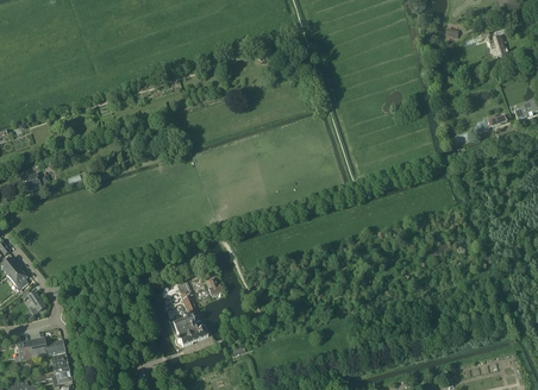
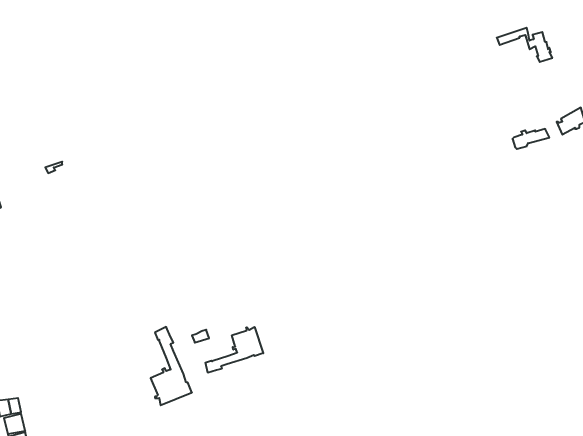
building: none -> [205,327,263,373]

